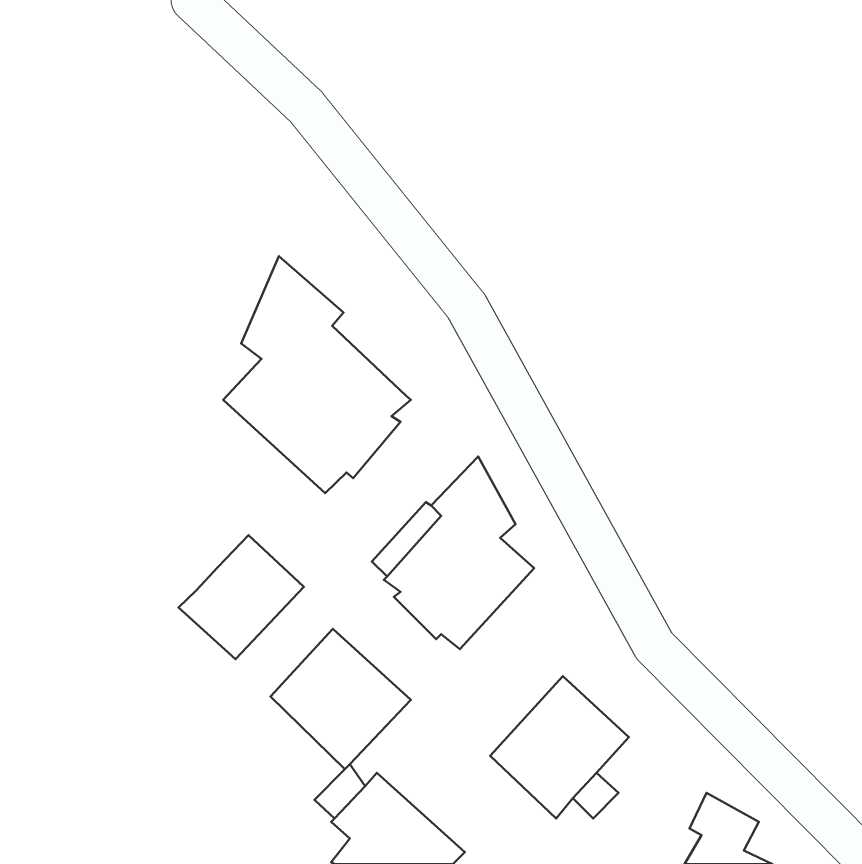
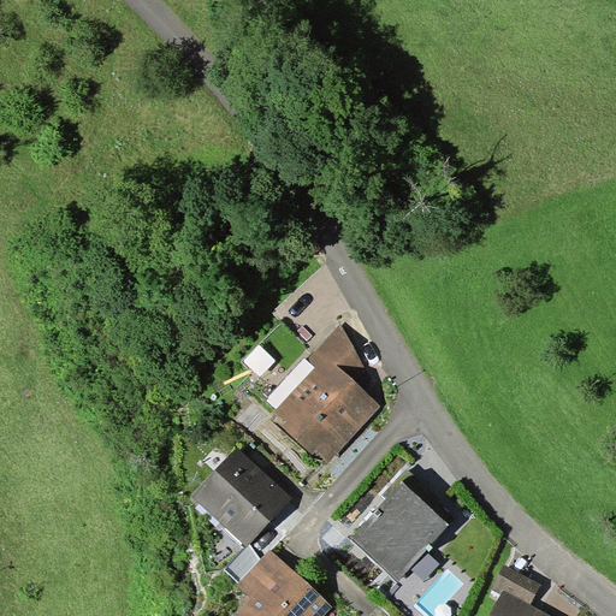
building: [223,256,411,493] -> none
building: [179,535,304,659] -> none

